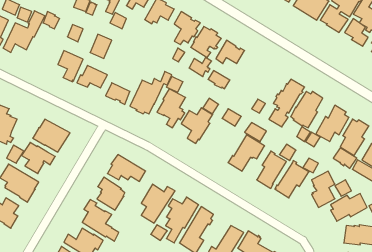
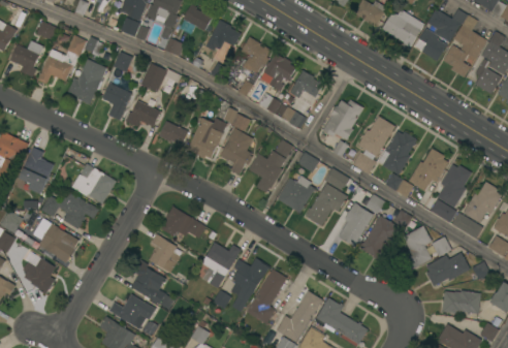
building: none -> [68,59,107,104]
building: none -> [323,99,364,140]
building: none -> [277,176,315,214]

